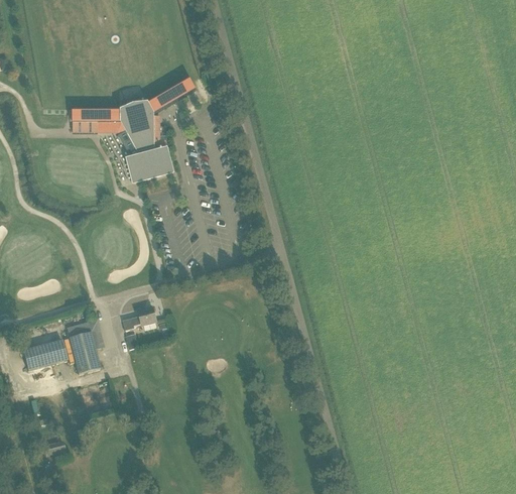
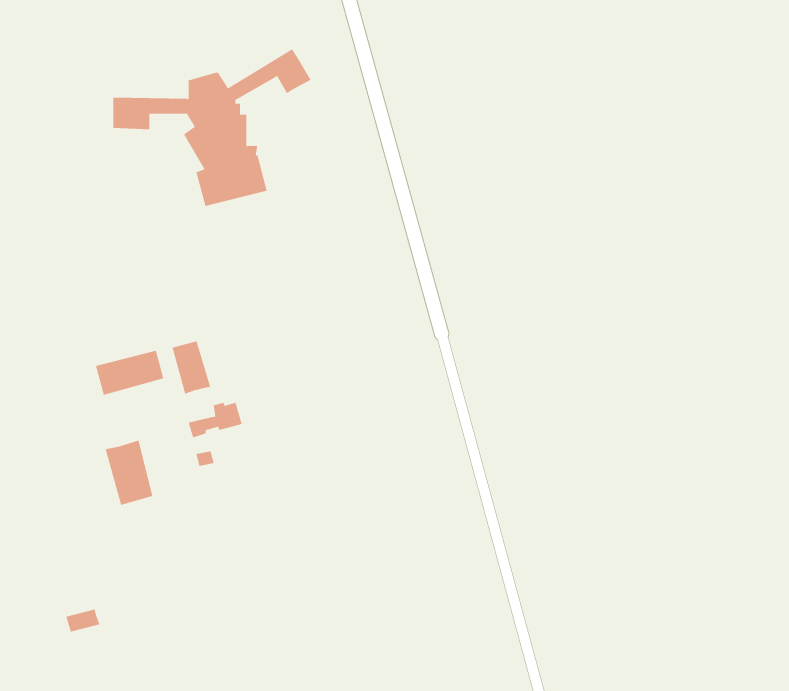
building: none -> [172,340,211,394]
building: [22,339,67,368] -> [95,350,164,396]

